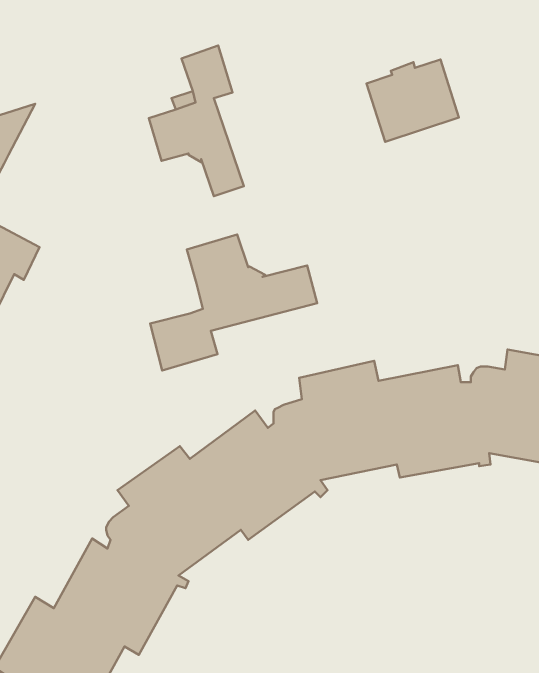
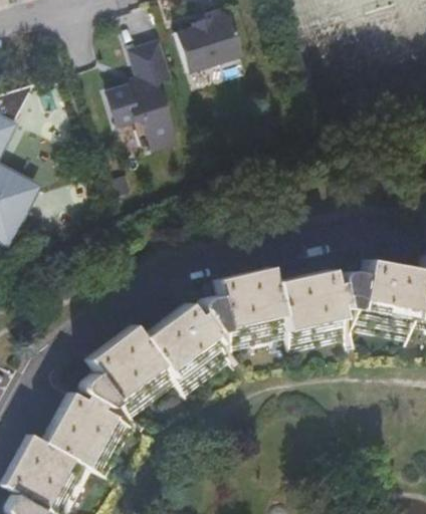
building: [367,59,459,142] -> [174,15,239,73]
building: [150,234,317,371] -> none

